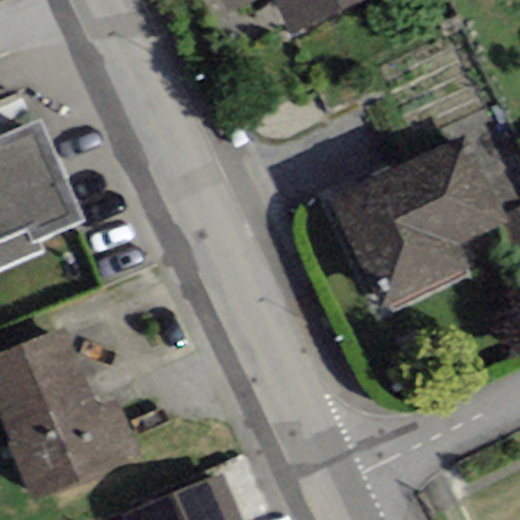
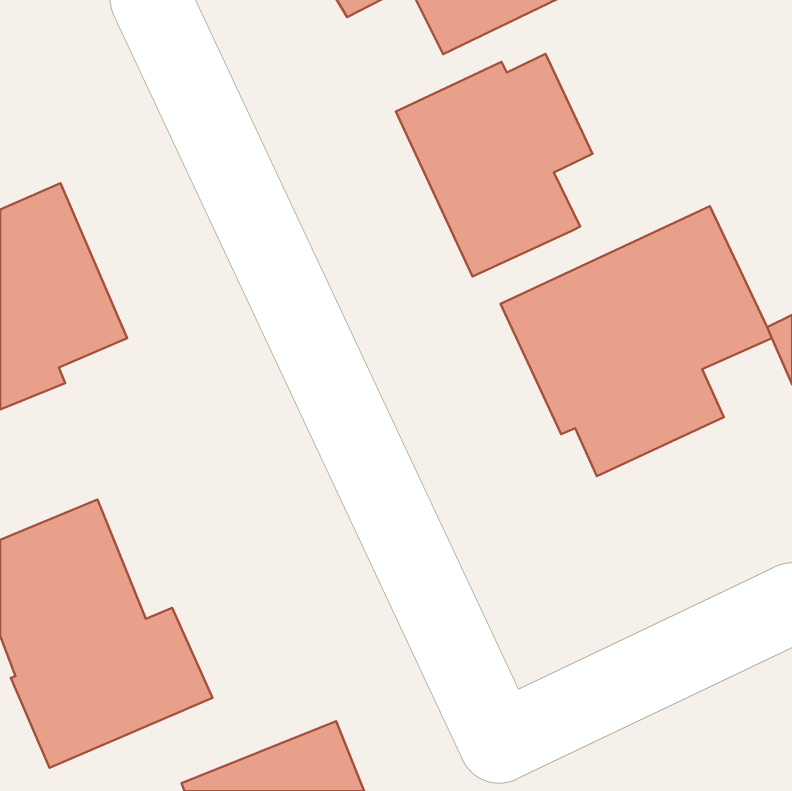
building: none -> [396,54,593,276]

